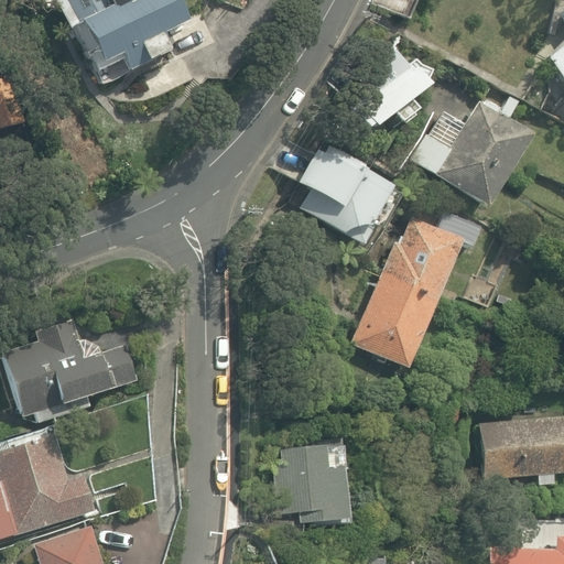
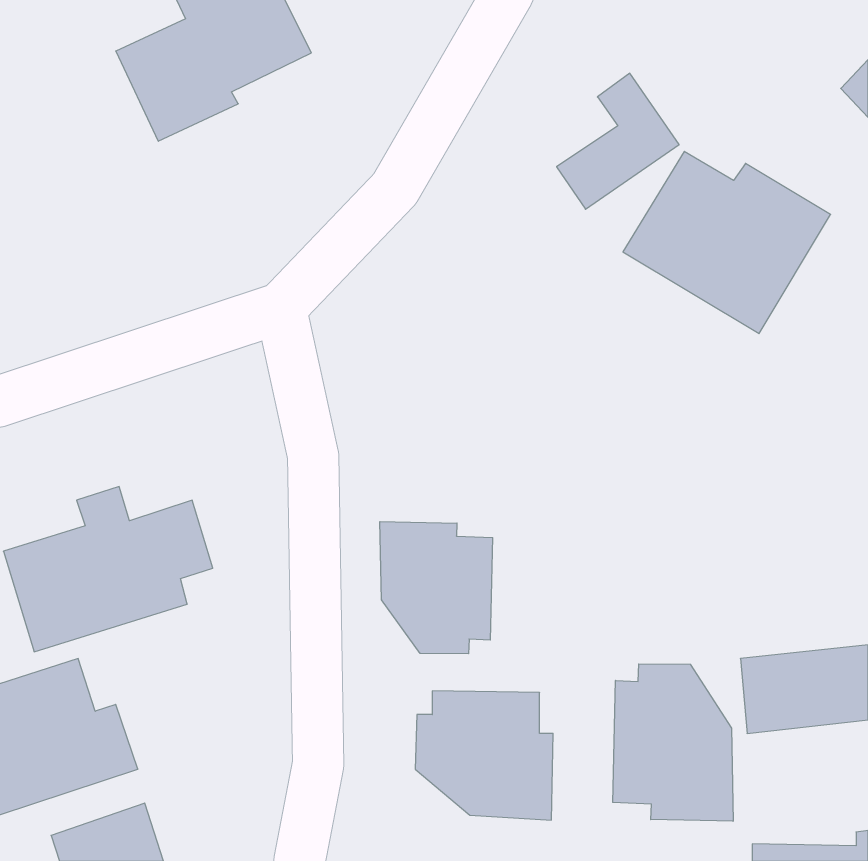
building: [264,132,401,241] -> none
building: [349,202,491,370] -> none
building: none -> [380,522,493,654]
building: none -> [613,664,733,821]

